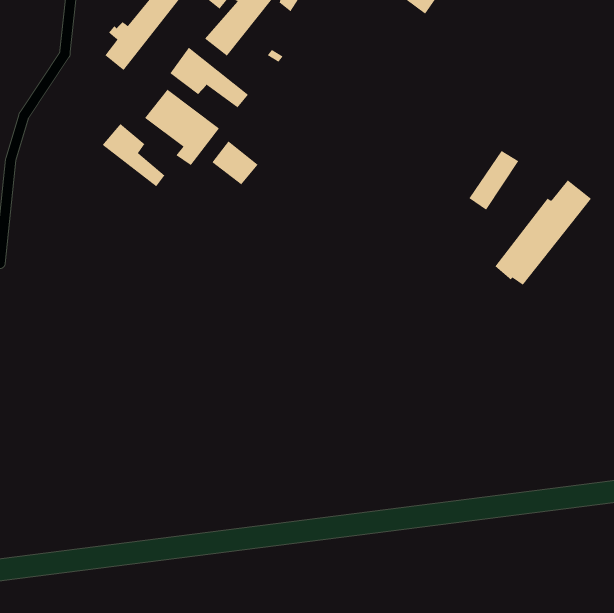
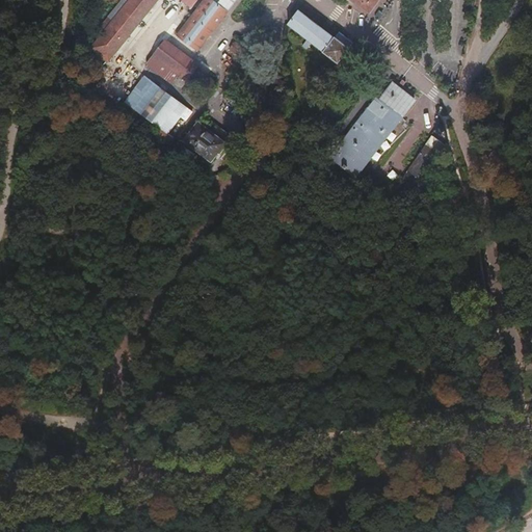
building: none -> [287,10,352,60]
building: [102,123,165,187] -> none
building: [494,180,592,285] -> [329,82,414,174]

